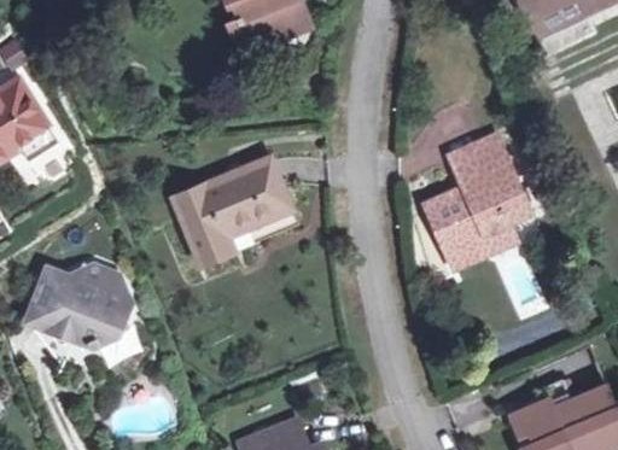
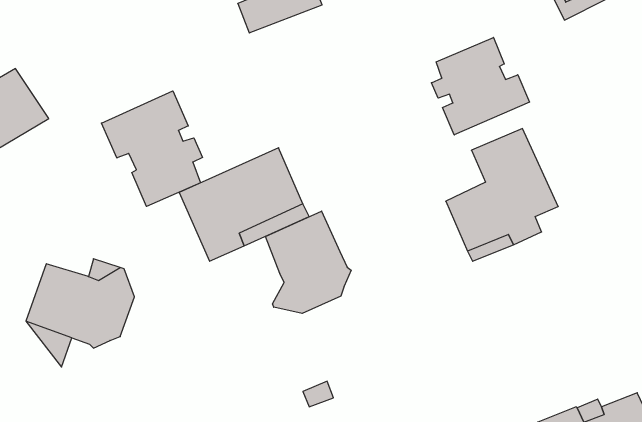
building: none -> [431,37,529,135]
building: none -> [101,91,203,206]
building: none -> [265,211,351,313]

